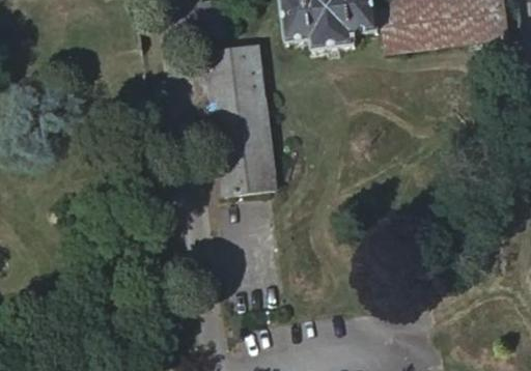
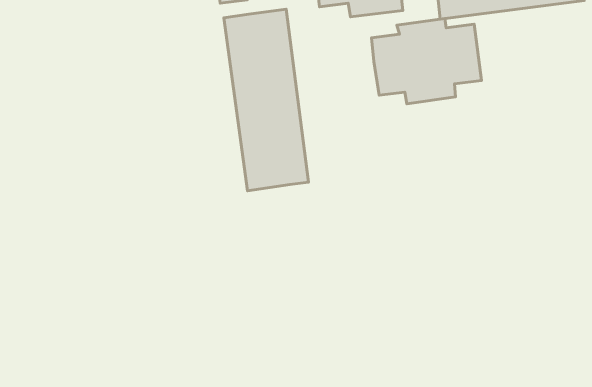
building: none -> [371,19,482,104]

